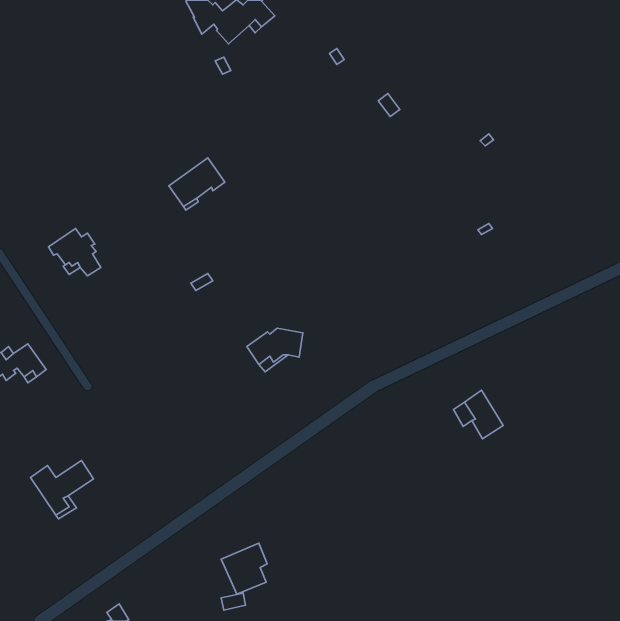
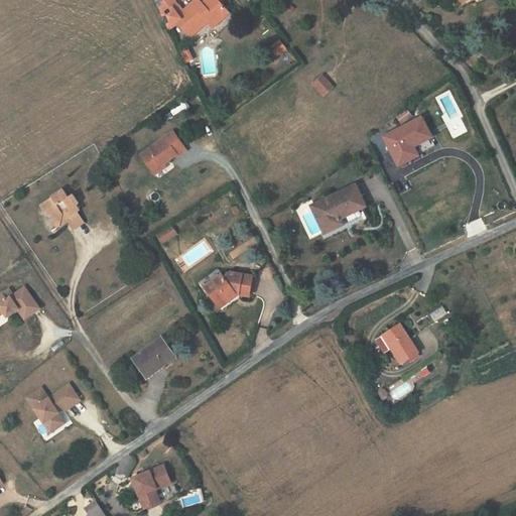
building: none -> [384,119,434,164]
building: none -> [311,185,365,232]
building: none -> [132,338,175,378]
building: [221,543,267,594] -> [133,464,171,506]

